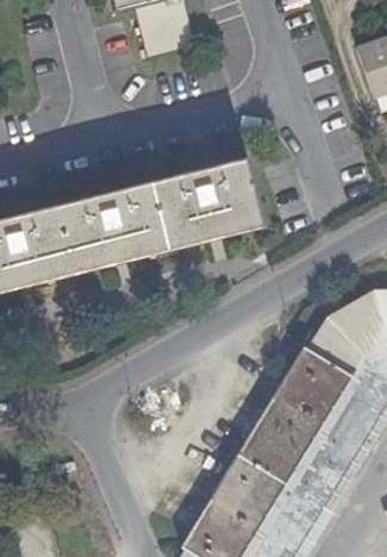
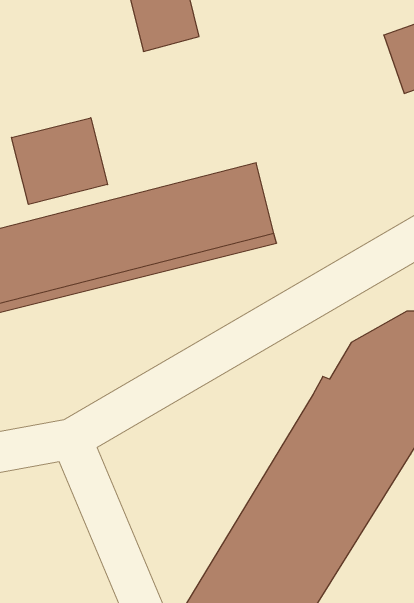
building: none -> [12,118,108,204]

